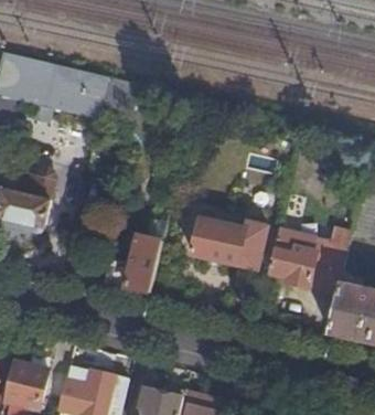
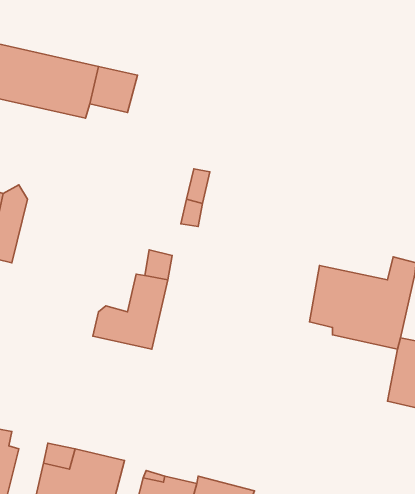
building: [191,217,267,269] -> none

